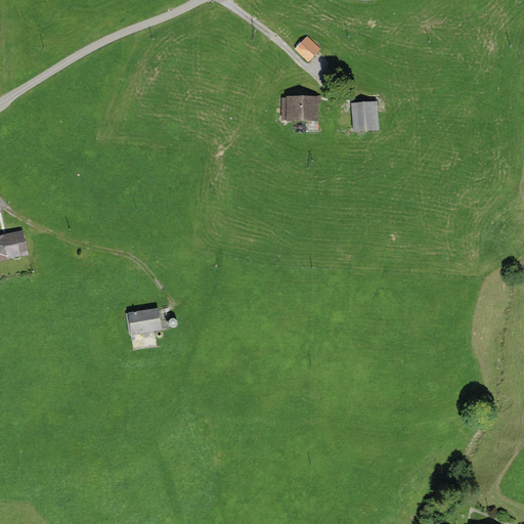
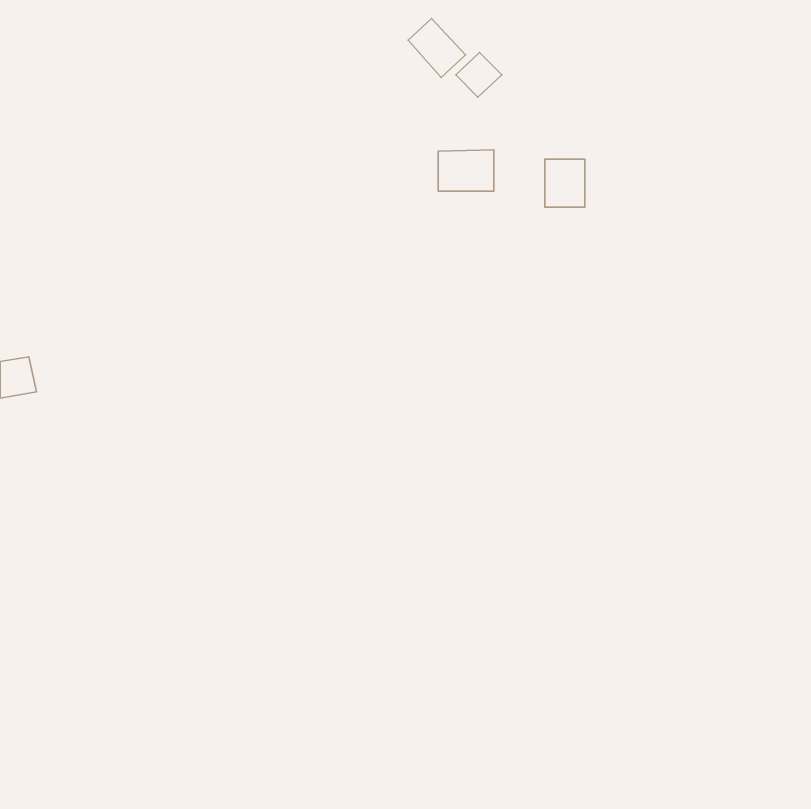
building: none -> [408,18,466,77]
building: [125,305,159,333] -> none

